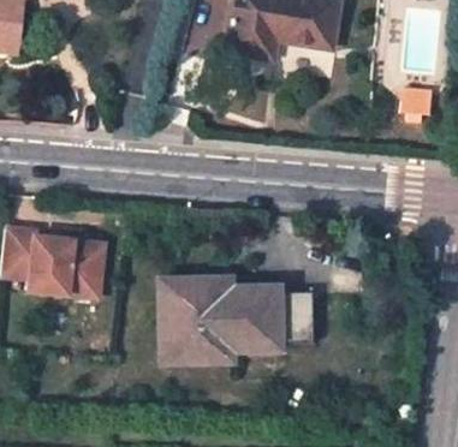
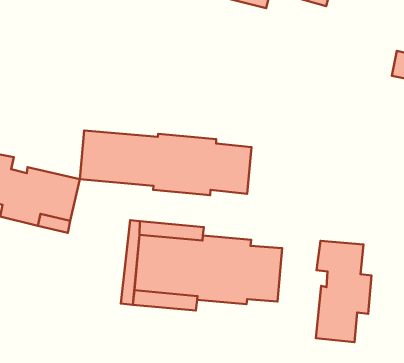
building: none -> [80,130,252,195]
building: none -> [316,241,372,342]

